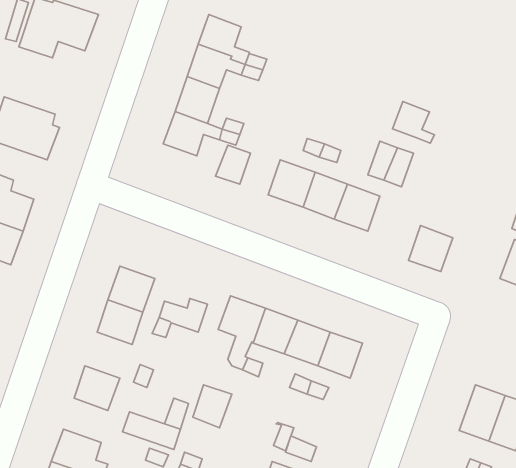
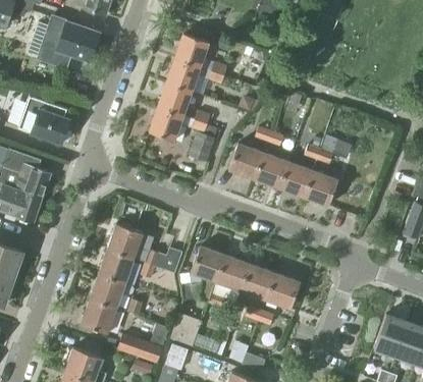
building: [392,101,434,143] -> none
building: [408,226,453,271] -> [304,171,337,206]
building: none -> [90,274,125,309]

